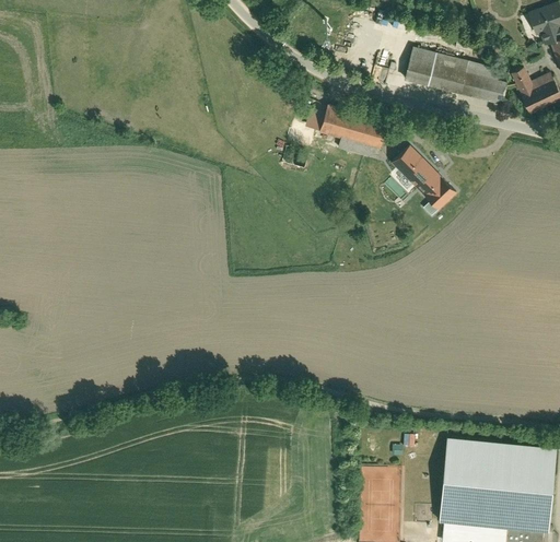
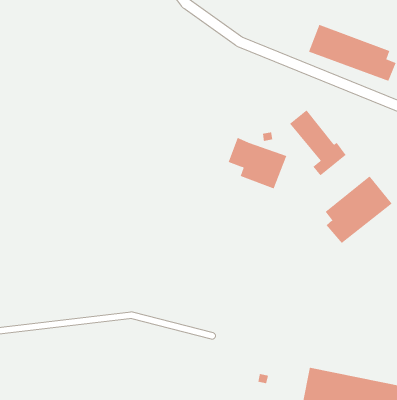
building: [325,104,392,158] -> [228,137,287,189]
building: none -> [325,176,393,244]

